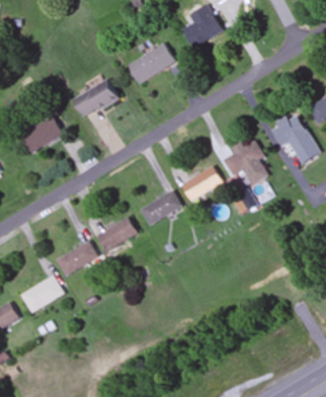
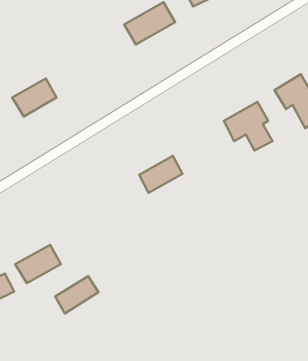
building: [73,79,117,118] -> none
building: [181,166,222,201] -> none
building: [97,219,138,250] -> none
building: [58,241,99,276] -> [55,276,99,313]

